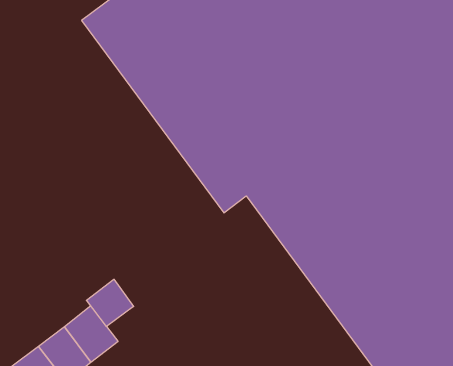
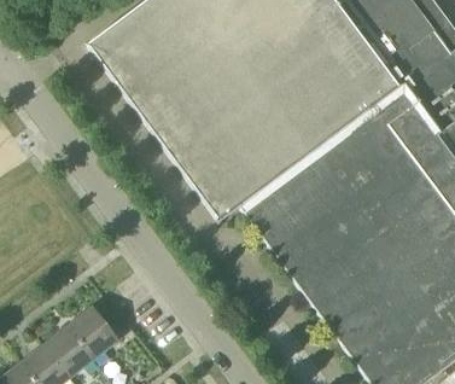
building: [86,279,134,326] -> none

